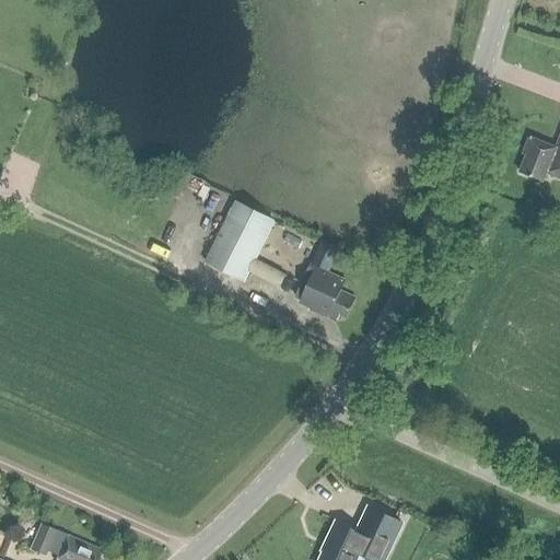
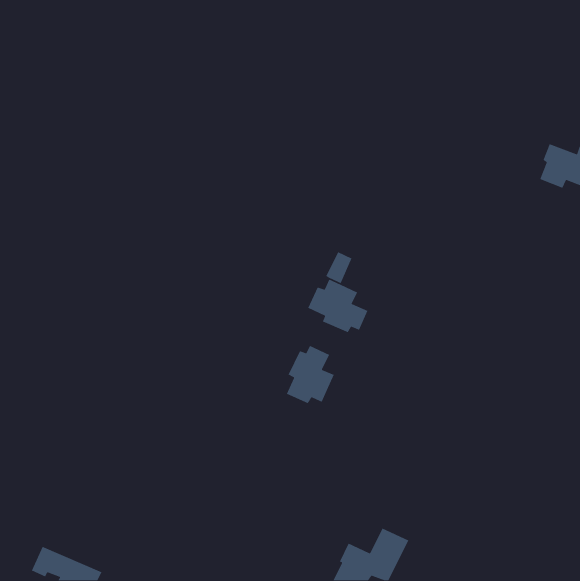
building: [205,200,276,283] -> none
building: none -> [286,345,335,404]

